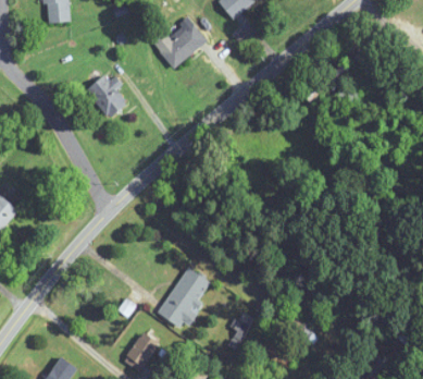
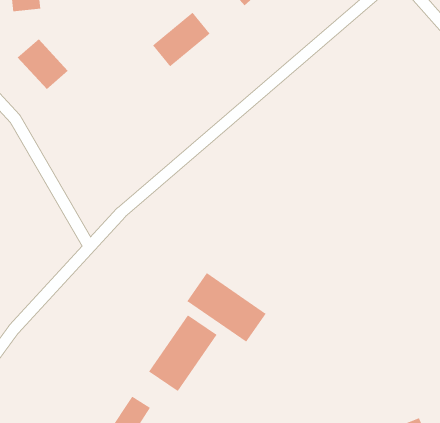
building: [86,76,127,118] -> [17,38,69,90]
building: none -> [187,272,267,343]

